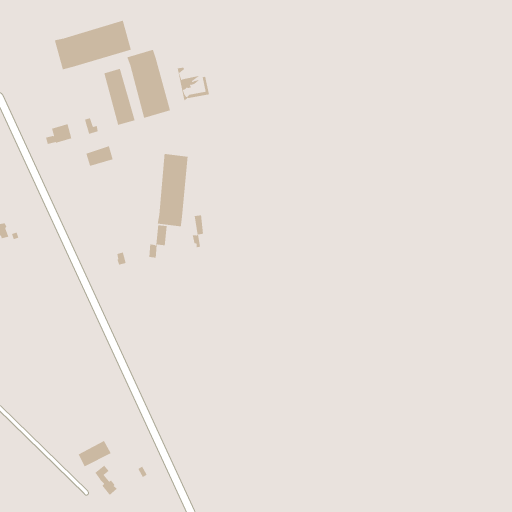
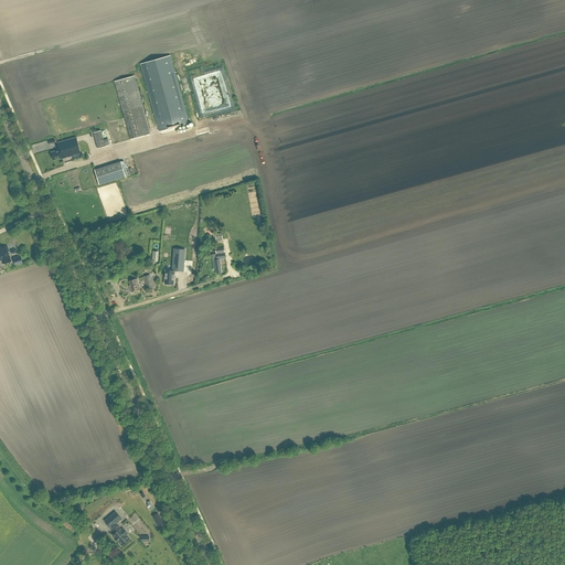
building: [54,20,131,70] -> none
building: [157,153,188,227] -> none
building: [78,440,112,467] -> none

